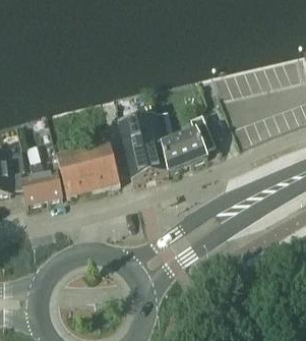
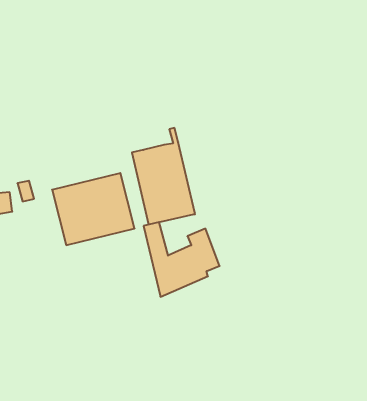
building: [155,112,215,171] -> [144,222,220,297]
building: [21,163,62,205] -> none

